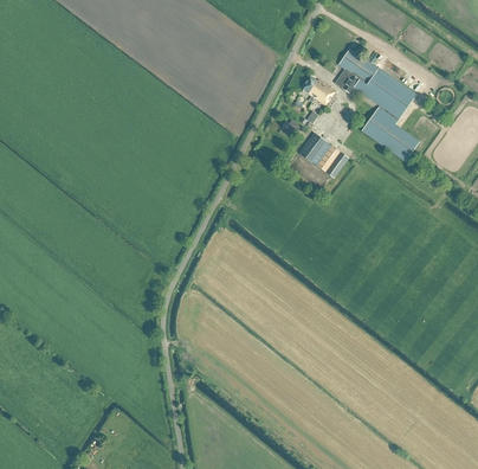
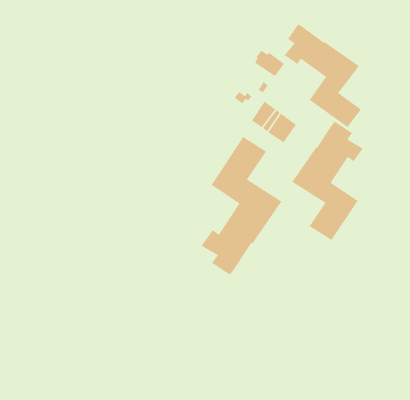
building: none -> [291,121,364,241]
building: none -> [201,136,282,276]

